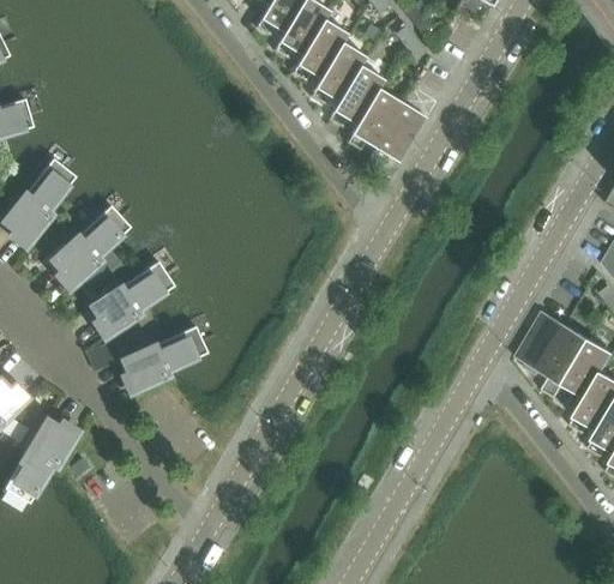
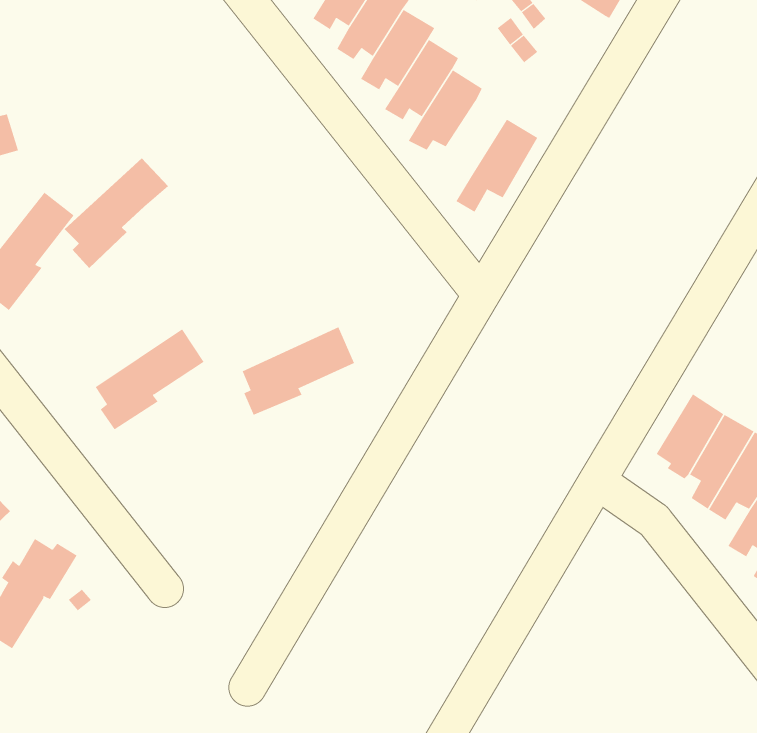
building: [347,89,403,150] -> none
building: [53,205,132,289] -> [64,158,169,269]
building: [124,325,209,392] -> [242,327,355,416]

